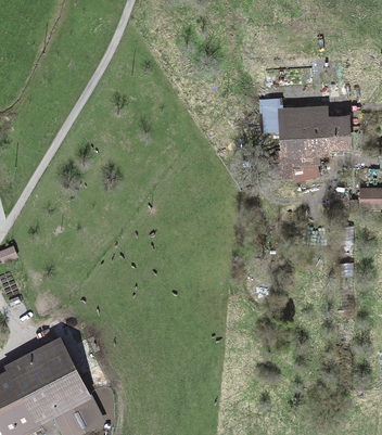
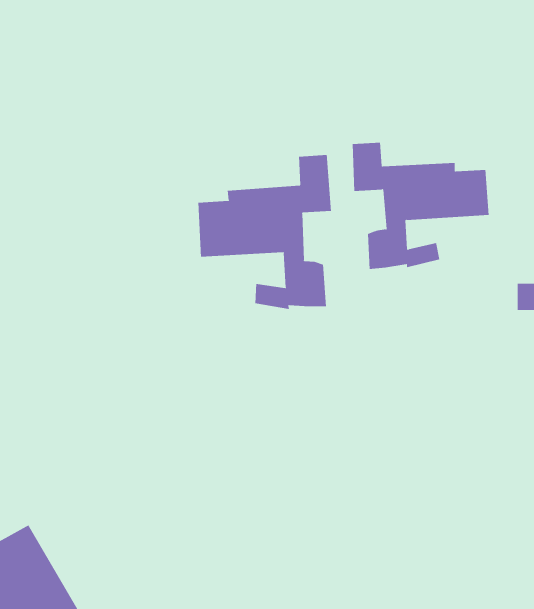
building: none -> [198,154,332,310]

